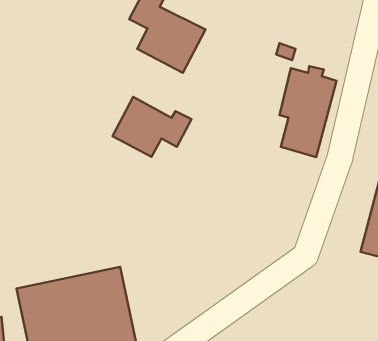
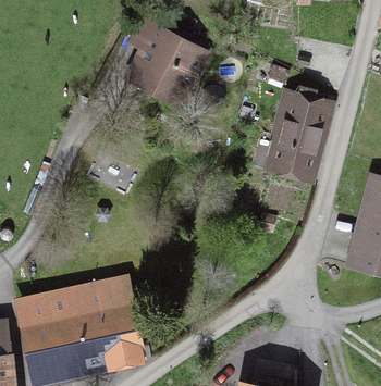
building: [113,97,192,157] -> none

